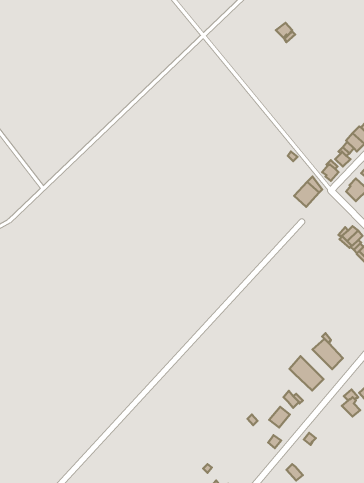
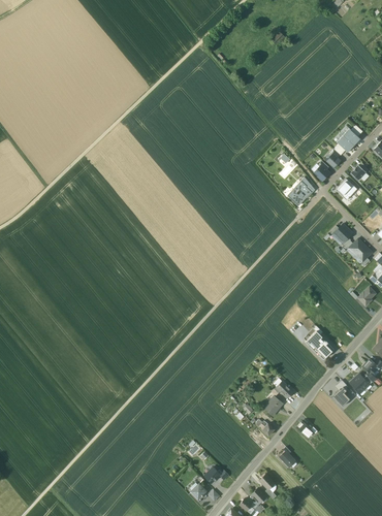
building: [289,356,324,390] -> none

